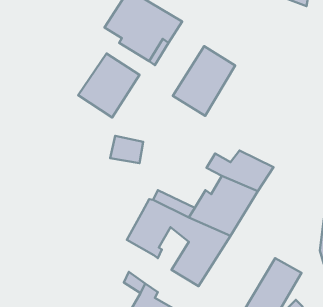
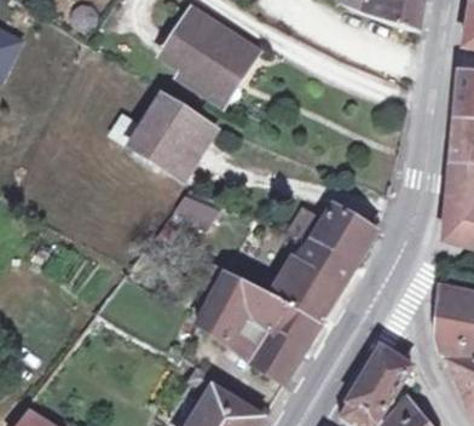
building: [173,46,235,116] -> none
building: none -> [224,306,270,359]

